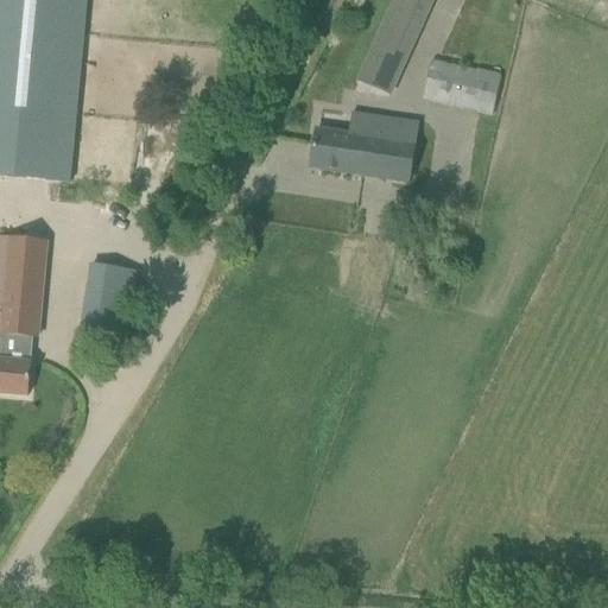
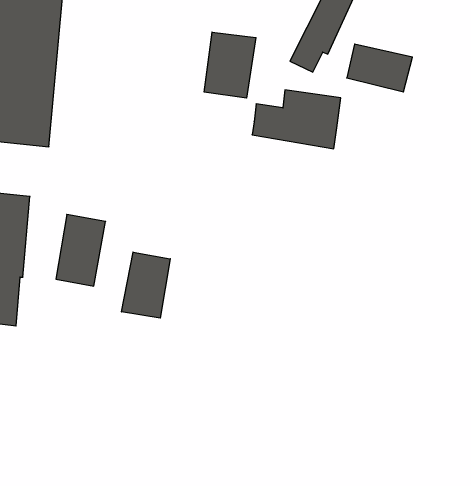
building: none -> [204,32,256,98]
building: none -> [122,252,170,318]

